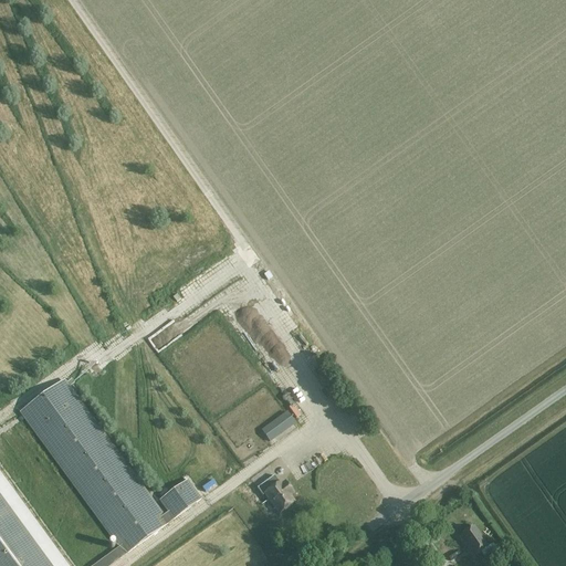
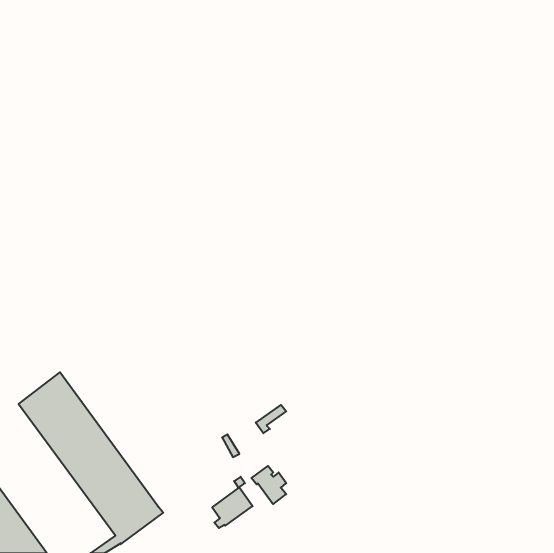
building: [158,479,199,520] -> [212,488,253,528]
building: [458,524,486,554] -> none

